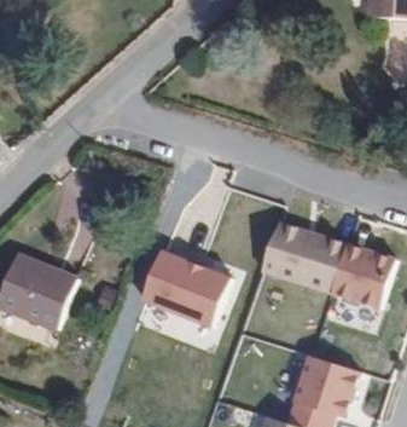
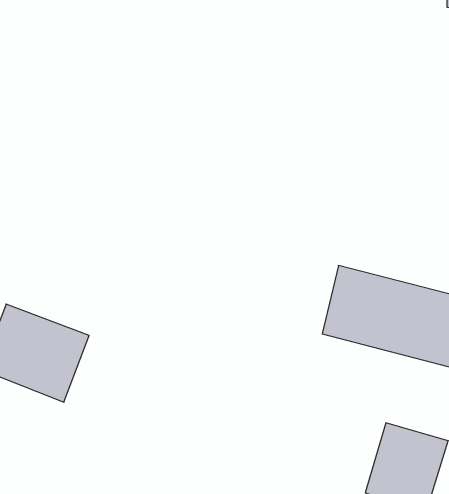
building: [140,244,232,325] -> none

